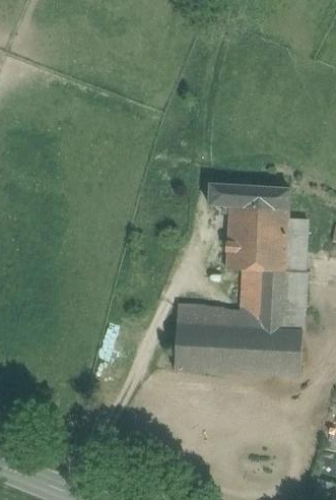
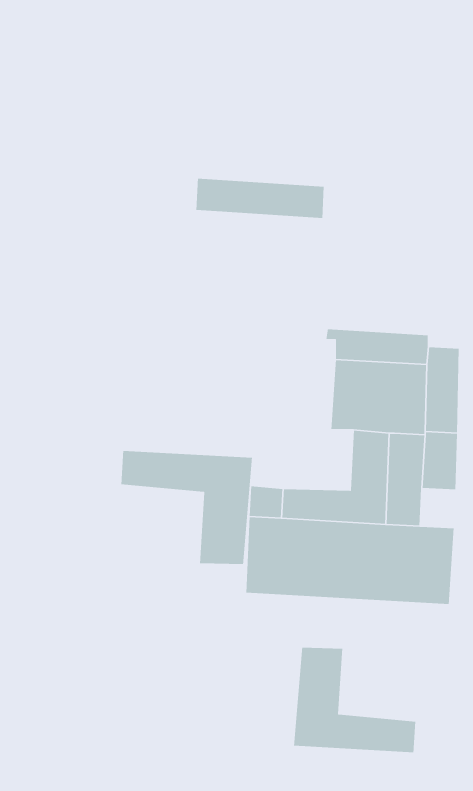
building: [207,183,287,208] -> [196,178,325,219]
building: none -> [120,450,253,565]
building: [281,304,304,328] -> none
building: none -> [293,647,416,753]

